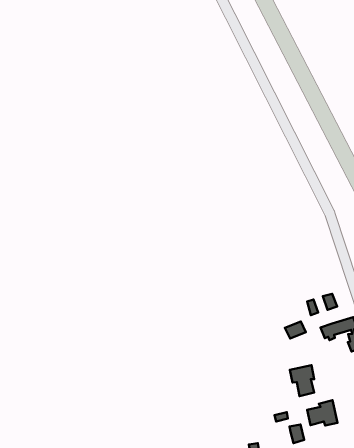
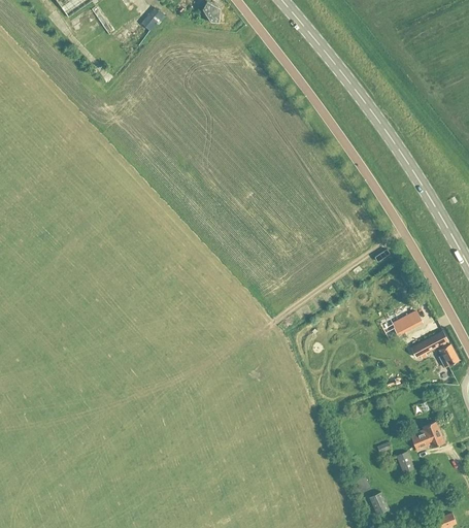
building: [290,365,314,396] -> none

